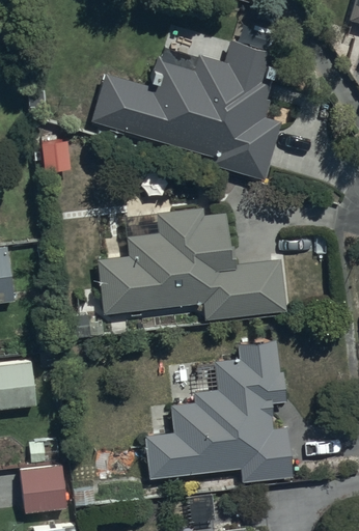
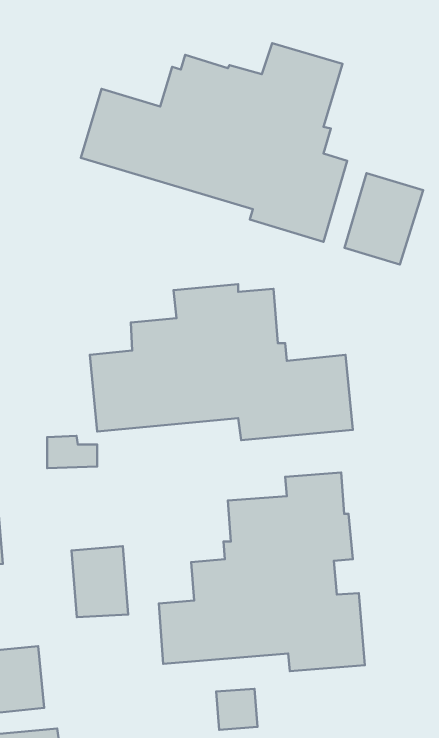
building: none -> [345,173,423,264]
building: none -> [72,546,128,617]

